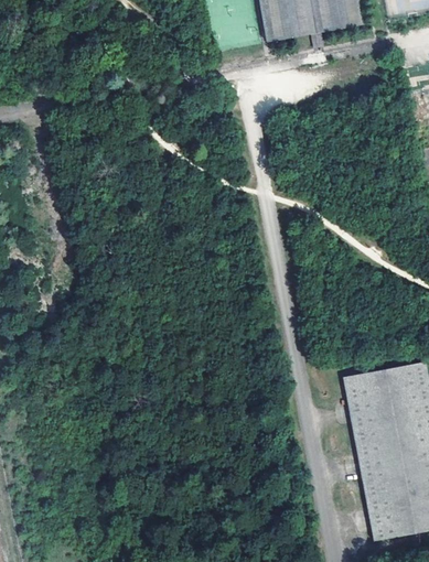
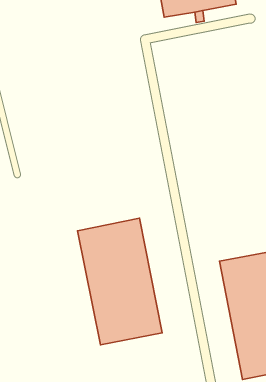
building: none -> [78,218,162,345]

